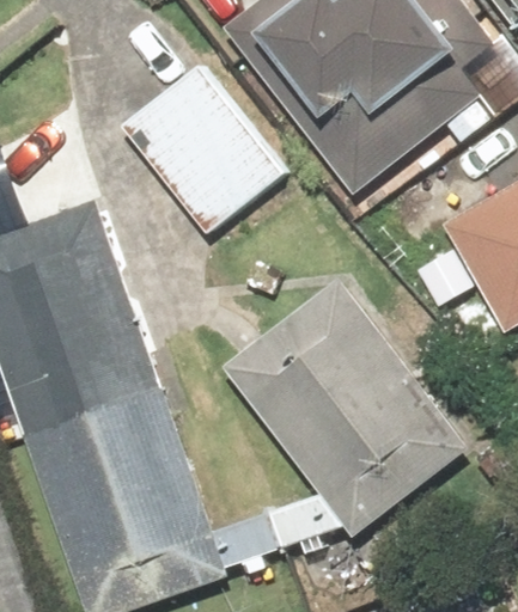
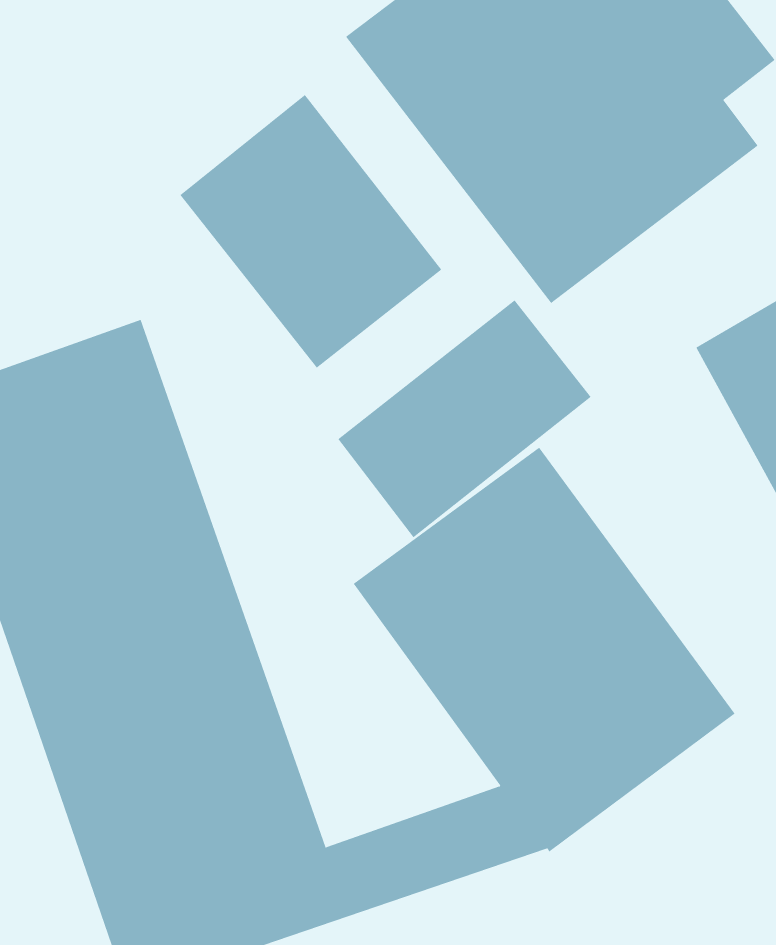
building: none -> [337,299,592,538]

